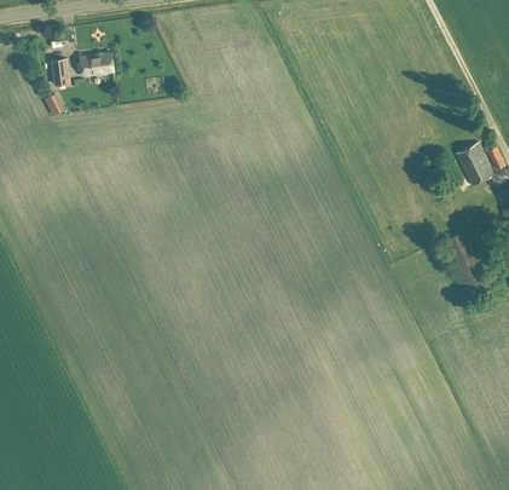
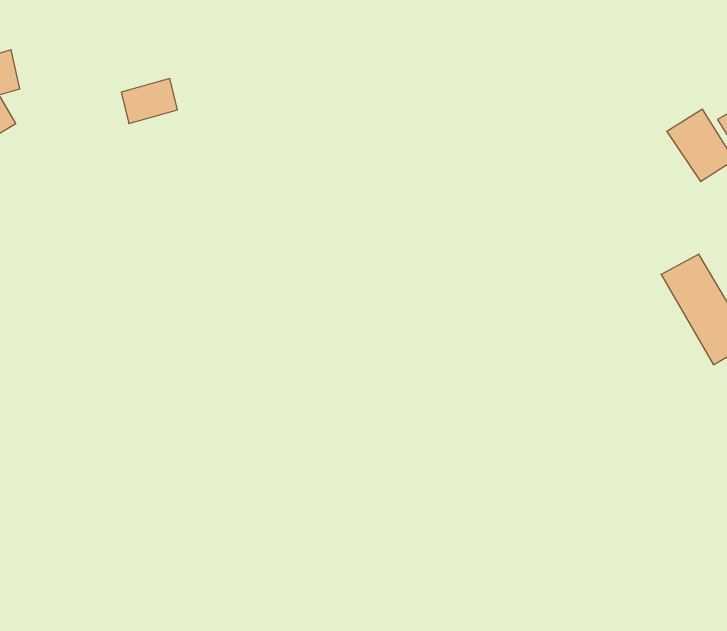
building: [81,52,114,76] -> [121,79,177,123]

